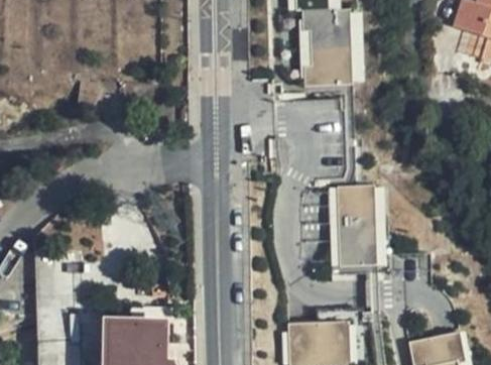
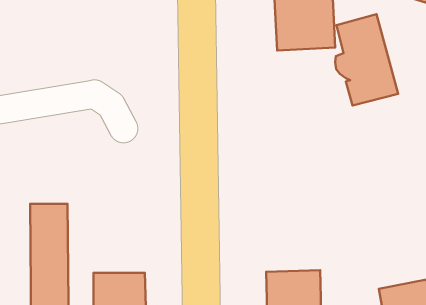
building: none -> [335,14,398,105]
building: [328,184,387,266] -> none

